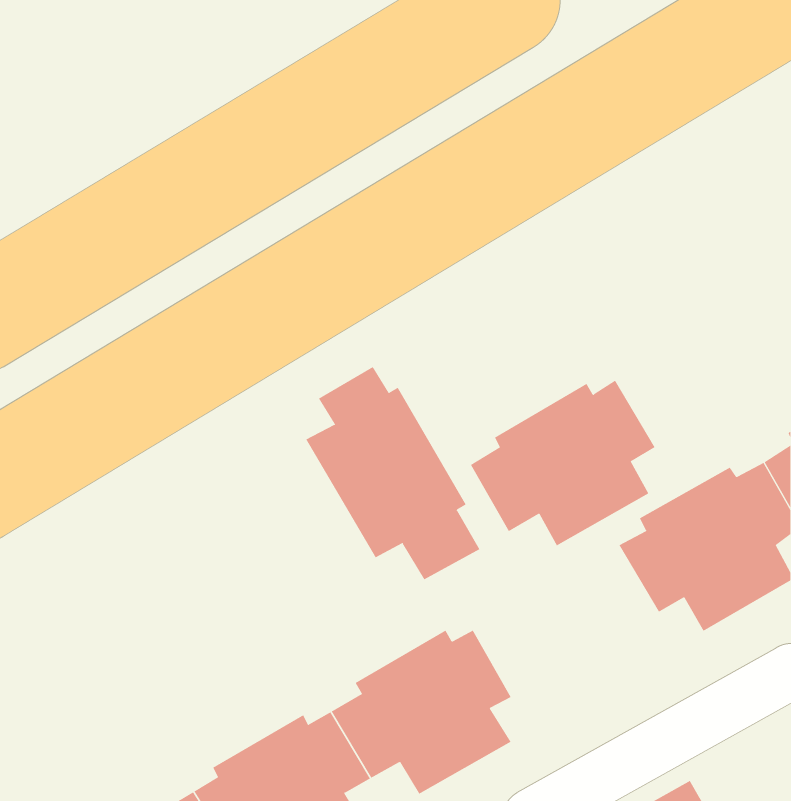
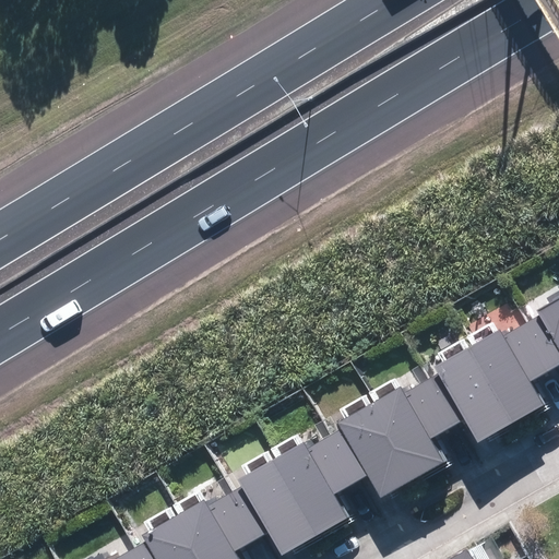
building: [305,366,480,580] -> none
building: [470,380,656,546] -> [323,383,450,497]

